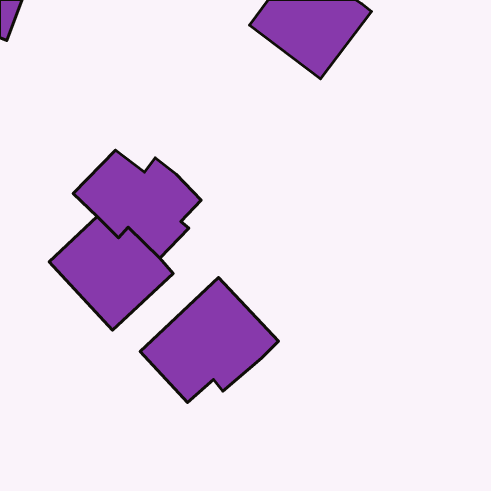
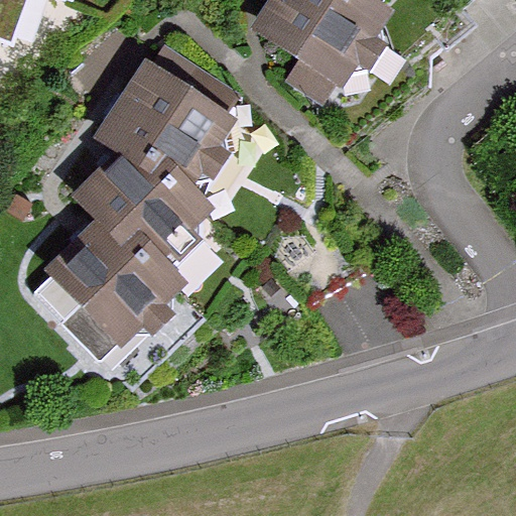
building: none -> [97,69,227,182]
building: [140,278,278,402] -> none

